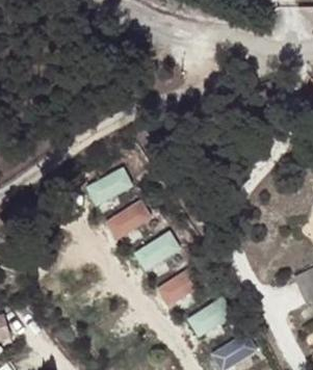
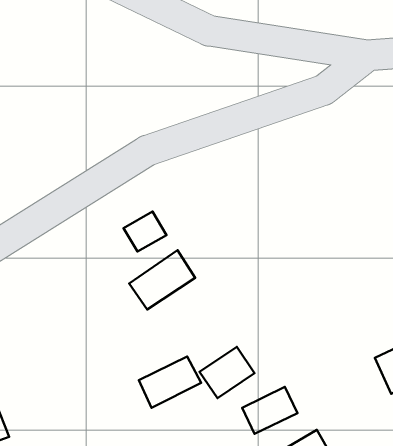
building: [136,231,183,269] -> [139,357,201,408]

